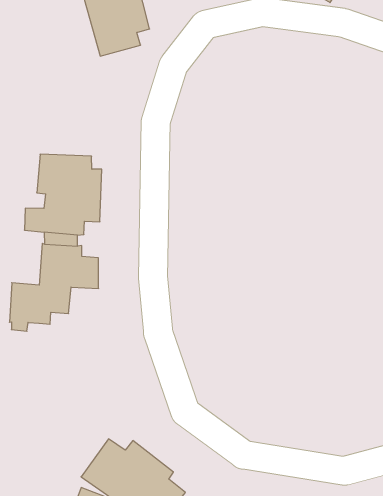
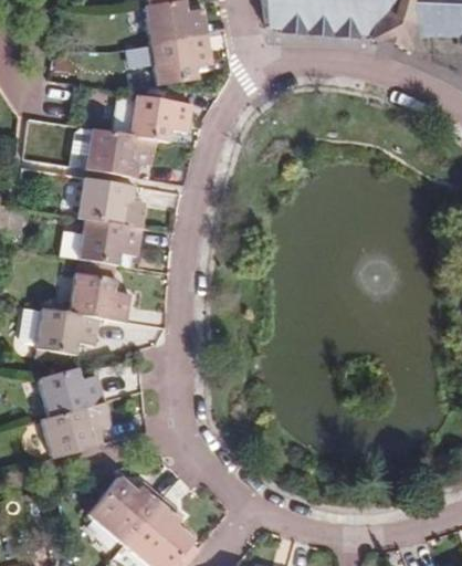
building: none -> [76,94,192,177]
building: none -> [38,368,112,459]

